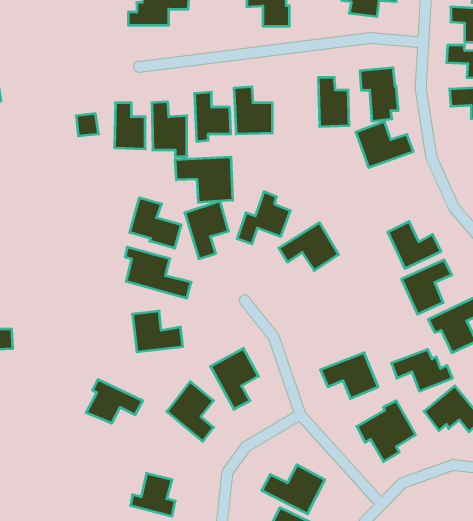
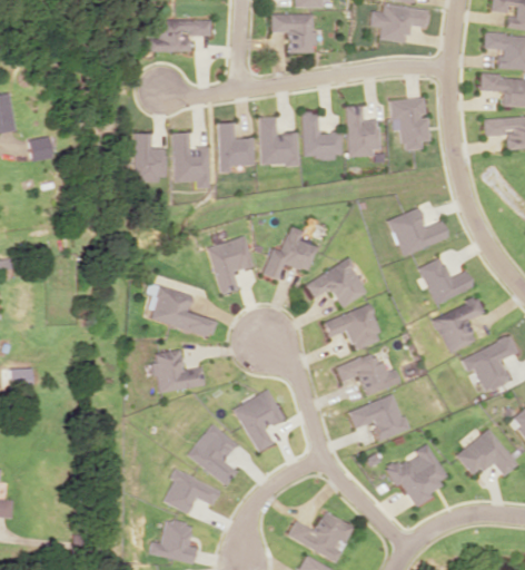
building: none -> [303,111,341,157]
building: [76,114,99,136] -> [29,137,52,160]
building: [356,122,413,168] -> [388,207,448,255]
building: [175,157,233,202] -> none
building: [130,198,181,248] -> none
building: none -> [324,304,383,351]
building: [391,349,452,391] -> [337,352,400,395]
building: [86,380,143,423] -> [165,473,224,519]

